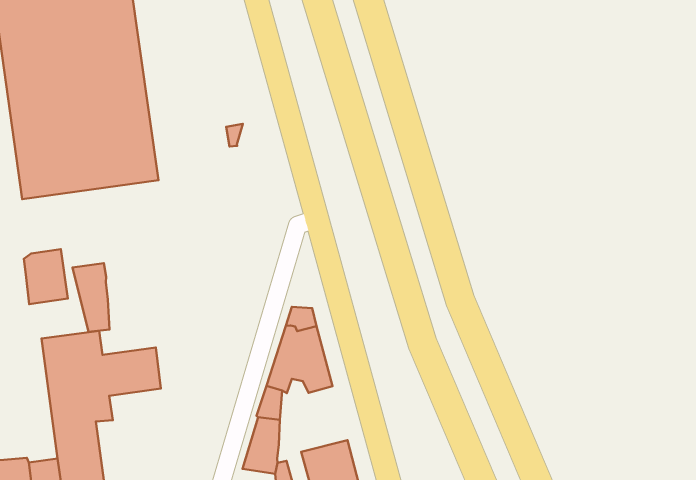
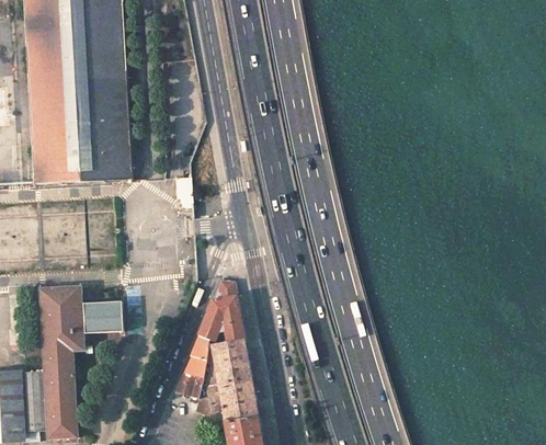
building: [24,249,68,304] -> none
building: [73,263,109,332] -> none
building: none -> [212,339,252,384]

